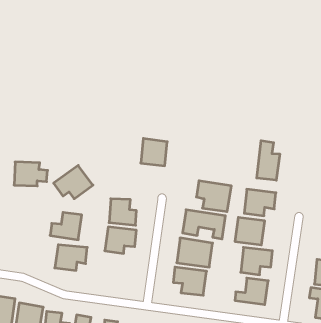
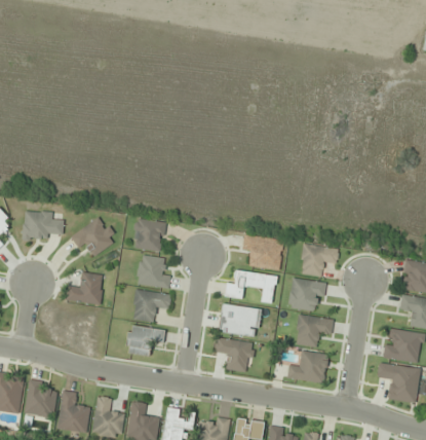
building: [141,138,167,166] -> [132,218,164,251]
building: [257,141,280,180] -> none
building: [55,245,87,270] -> [124,325,163,356]

